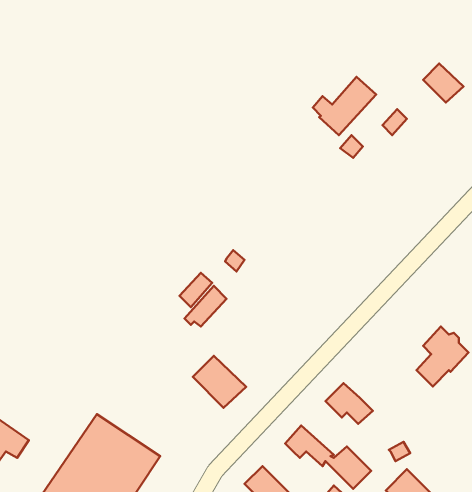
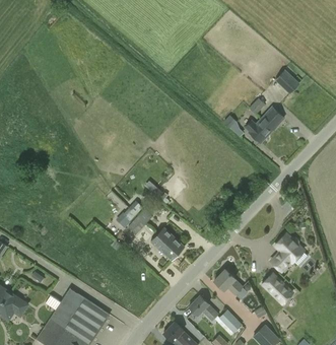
building: [313,77,376,135] -> [244,107,283,143]
building: [193,356,246,408] -> [150,227,184,260]
building: none -> [262,273,291,303]

